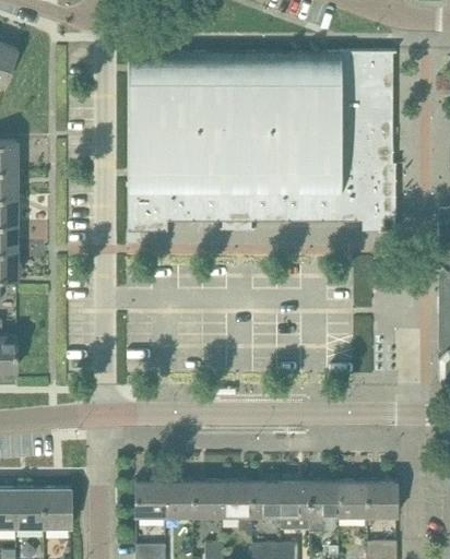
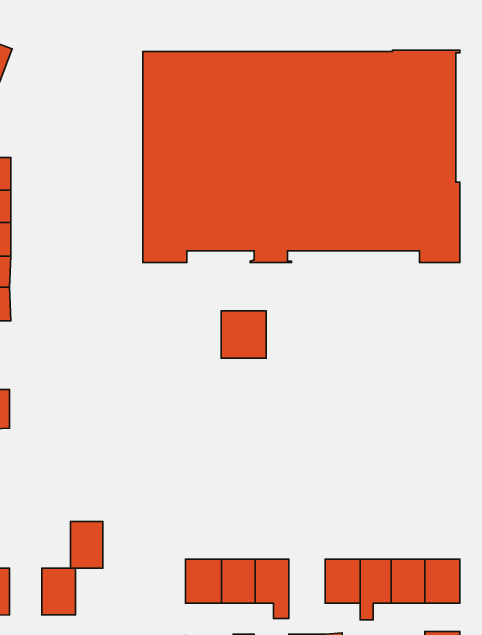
building: none -> [221,311,266,358]
building: [134,481,164,519] -> none
building: [251,481,282,519] -> none
building: [15,489,43,528] -> [70,521,103,568]

